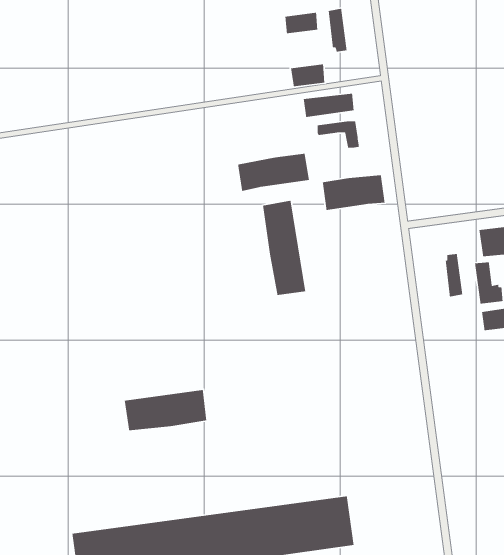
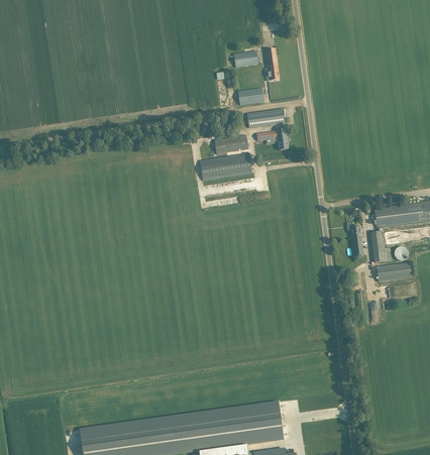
building: none -> [214,134,247,154]
building: [322,174,386,211] -> none
building: [262,200,306,296] -> none
building: [124,389,207,431] -> none

